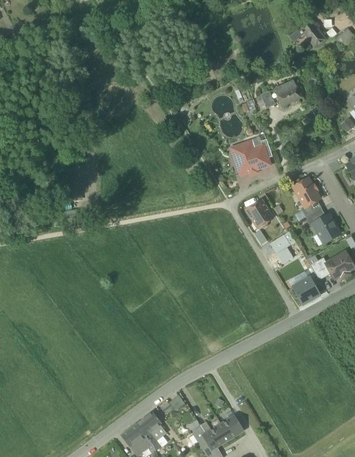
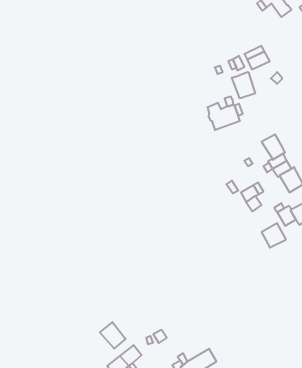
building: none -> [232,72,255,98]
building: [246,199,273,227] -> none
building: none -> [100,322,126,349]

